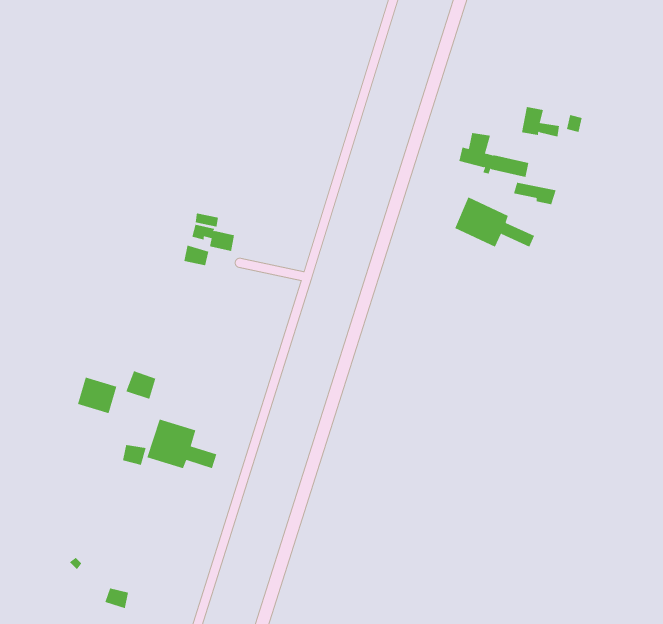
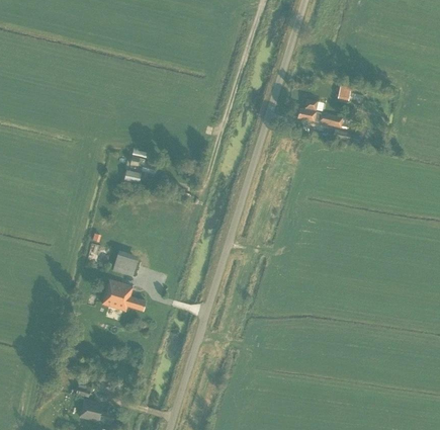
building: [454,196,535,248] -> none
building: [77,377,117,414] -> [112,253,138,276]

